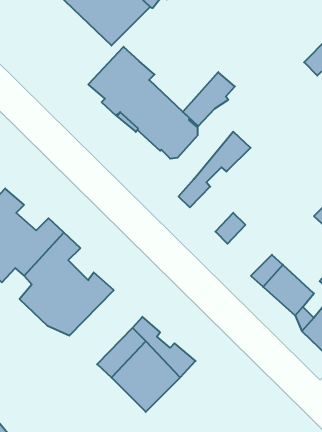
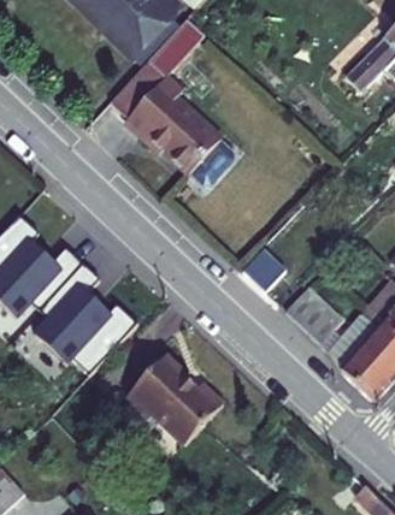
building: [183,72,235,126] -> [148,17,205,76]
building: [179,132,251,207] -> none

